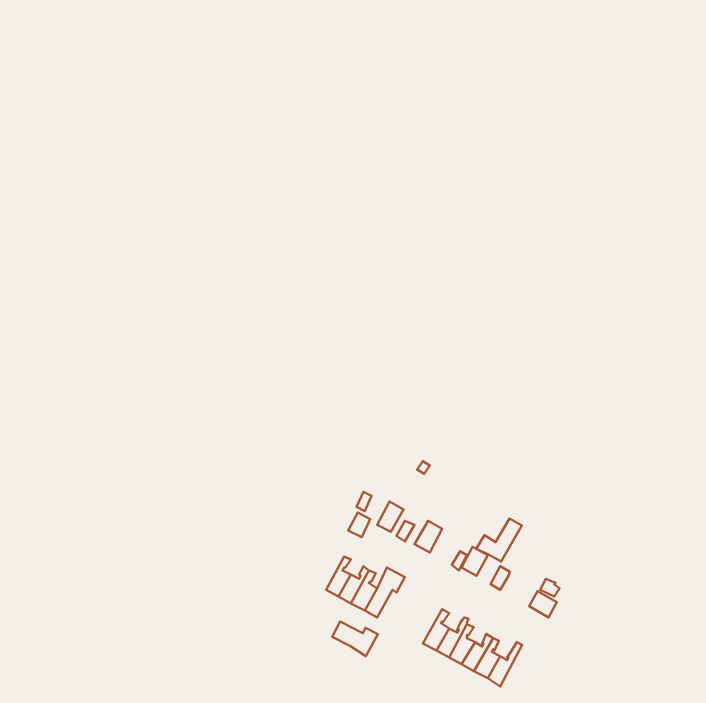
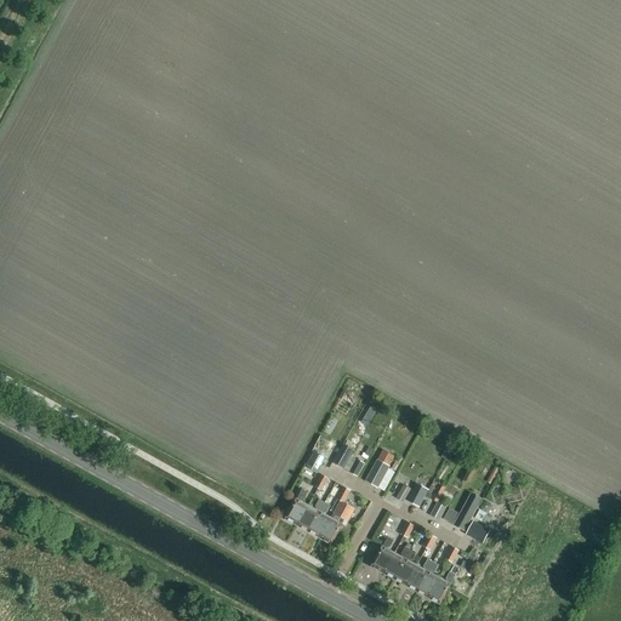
building: [476,519,522,561] -> [443,491,483,529]
building: [332,621,378,656] -> none

